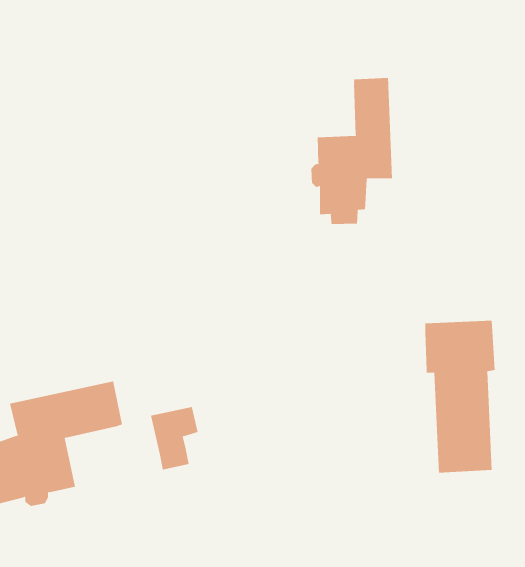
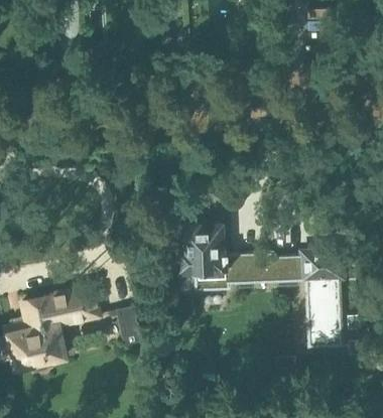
building: [311,77,392,225] -> none
building: none -> [168,224,298,289]

